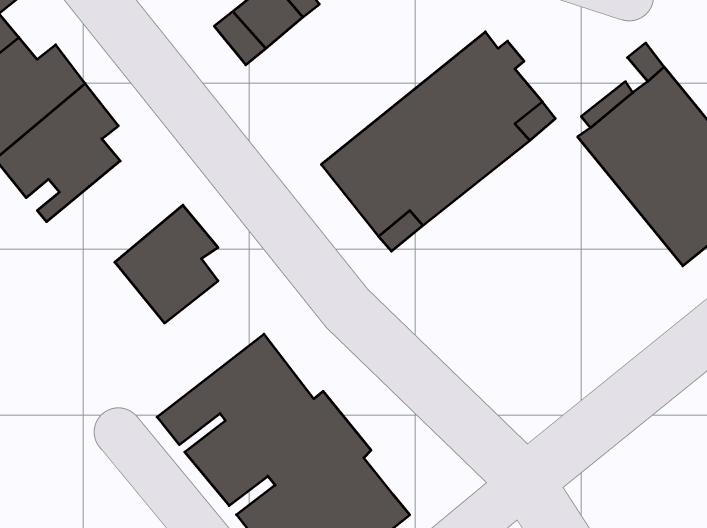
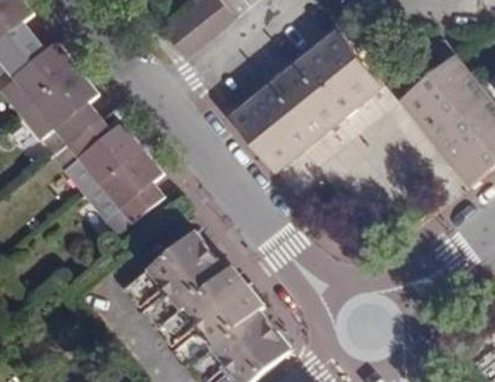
building: none -> [53,118,142,184]

